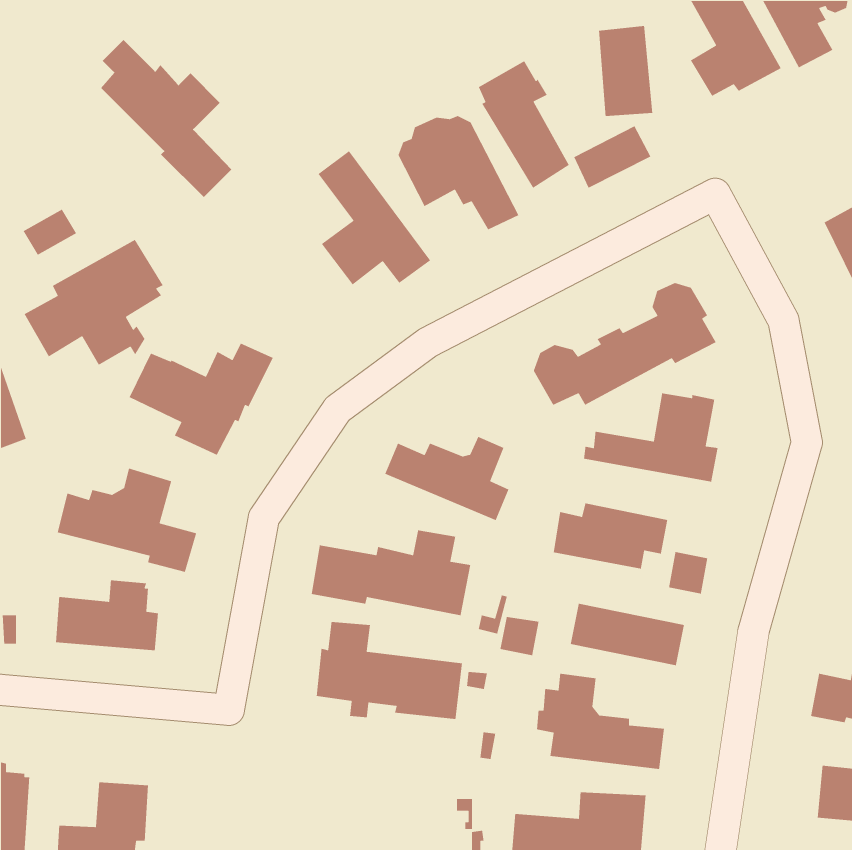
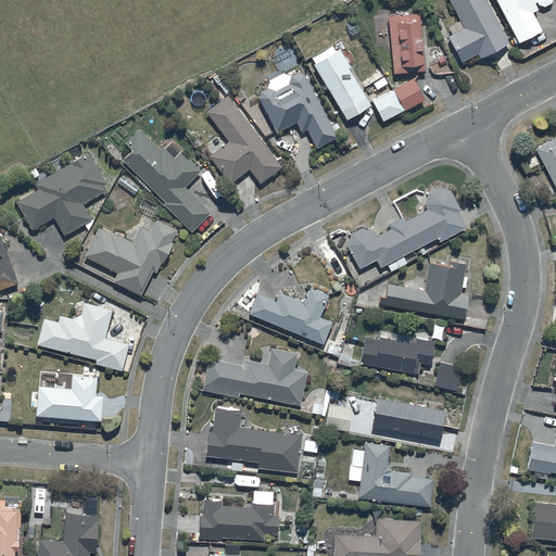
building: [100,39,232,198] -> [125,134,211,237]
building: [22,208,77,256] -> none
building: none -> [200,488,279,540]

